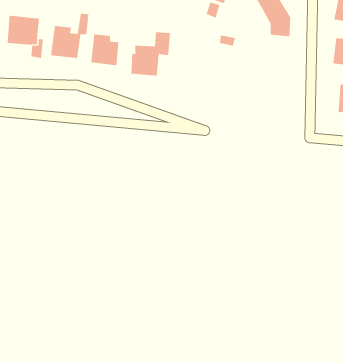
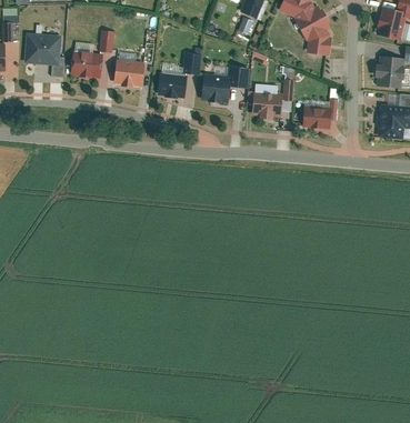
building: none -> [202,67,249,103]
building: none -> [253,67,294,114]
building: none -> [302,90,343,130]

